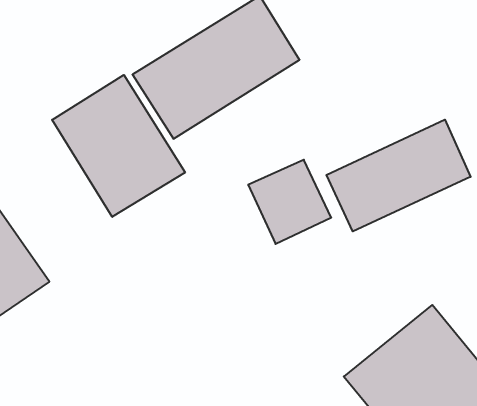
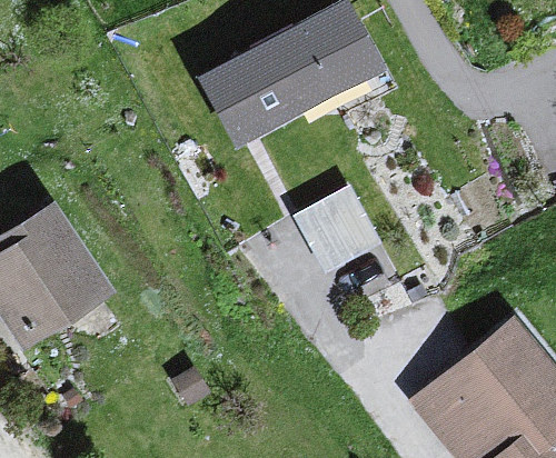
building: [52,75,185,217] -> none
building: [326,120,471,231] -> none

